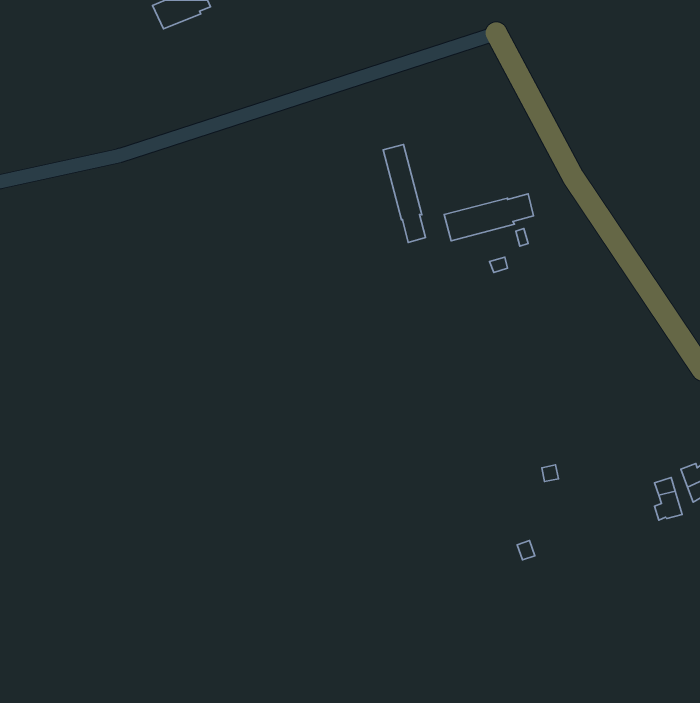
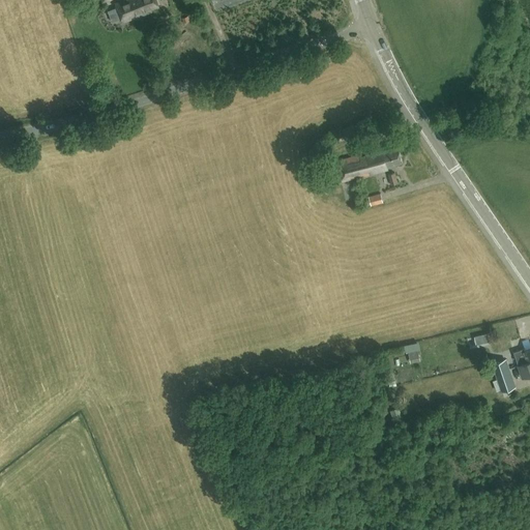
building: [383,144,425,242] -> none

